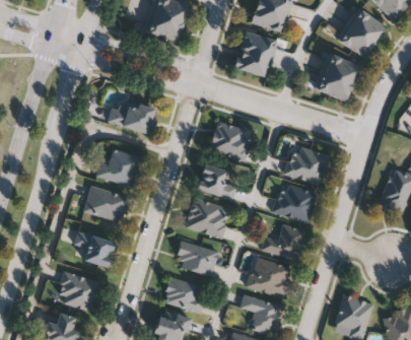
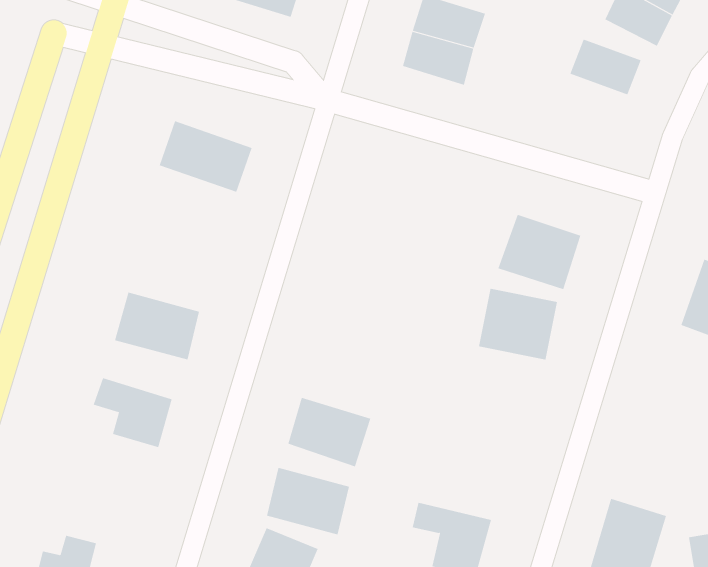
building: [316,72,352,101] -> none
building: [208,122,252,160] -> none
building: [95,148,141,187] -> none
building: [197,164,236,199] -> none
building: [185,198,228,237] -> none
building: [261,224,304,260] -> none
building: [246,257,292,298] -> none
building: [57,272,99,311] -> none

